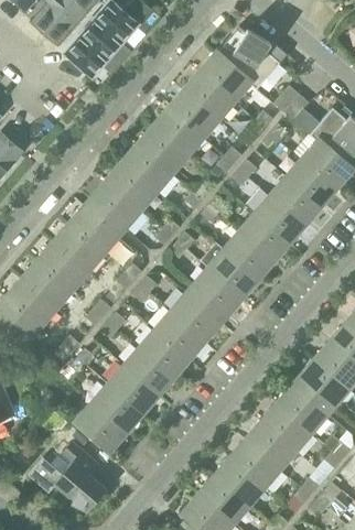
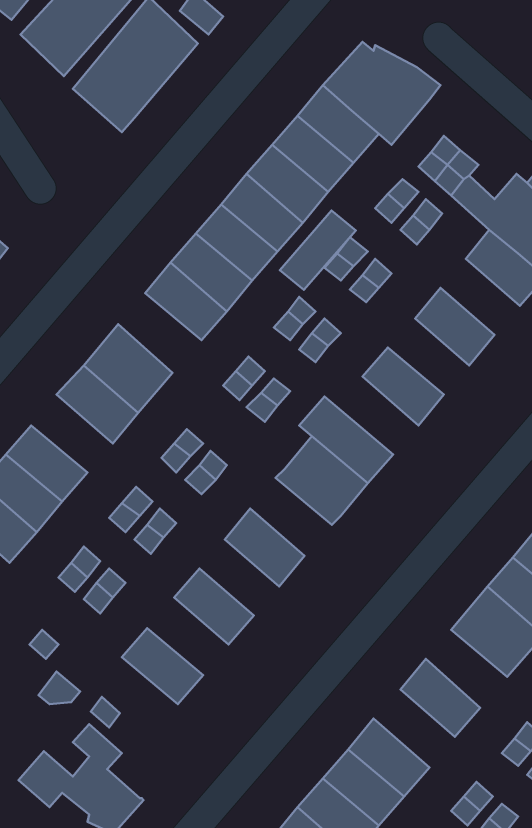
building: none -> [280,211,356,290]
building: [287,159,335,205] -> none
building: [90,180,141,228] -> none
building: [255,195,304,241] -> none
building: [224,230,273,278] -> none
building: [37,241,87,289] -> none
building: [171,292,220,339] -> none
building: [140,329,189,376] -> none
building: [108,365,158,412] -> none
building: [278,385,327,432] -> none
building: [77,401,127,448] -> none
building: [246,421,295,468] -> none

